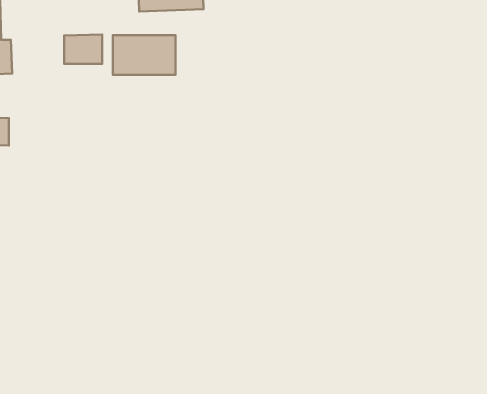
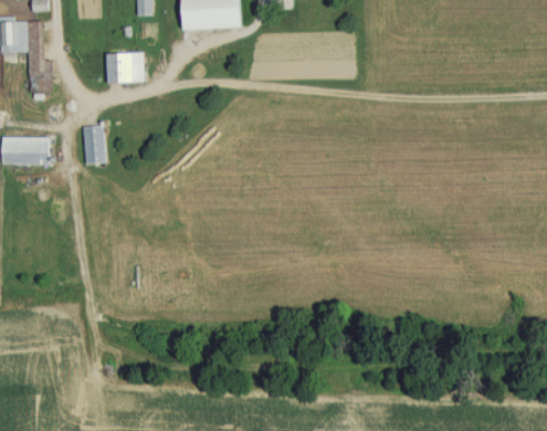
building: [113,35,176,75] -> none
building: none -> [82,126,104,164]

